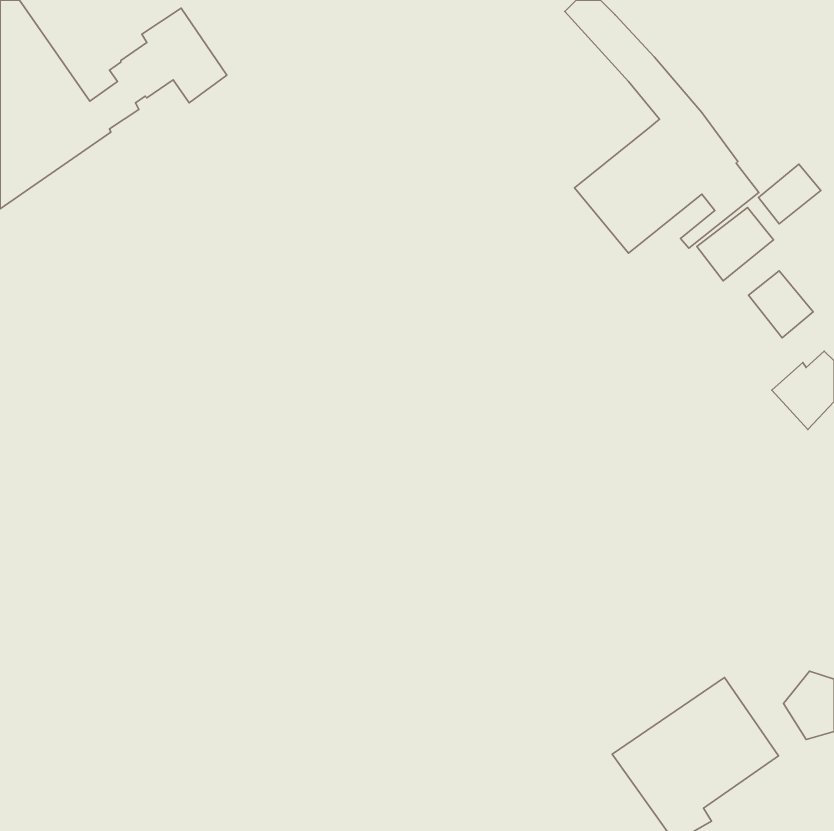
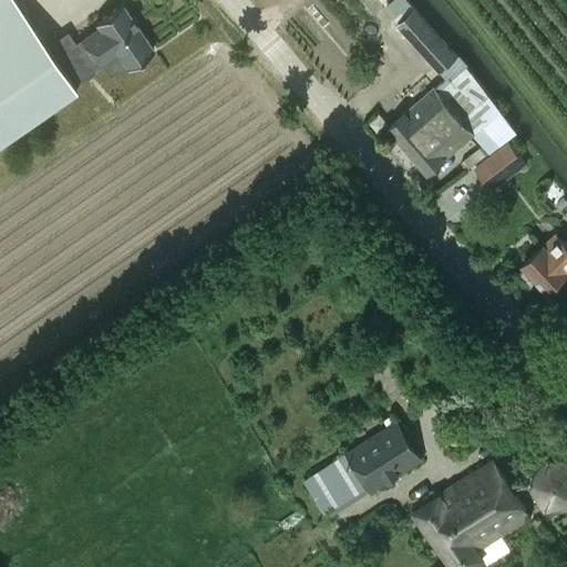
building: [758,164,821,224] -> none
building: [749,271,813,338] -> none
building: none -> [305,424,420,519]

